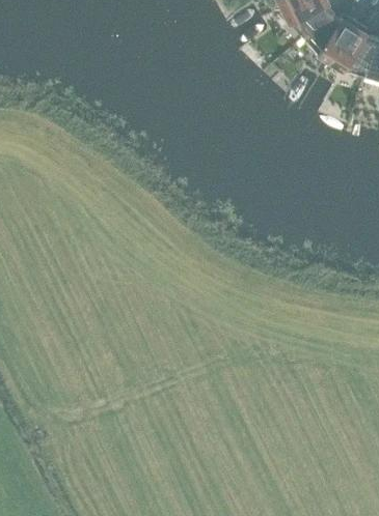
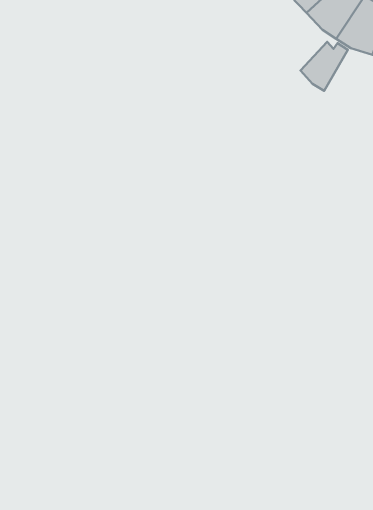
building: none -> [301,42,348,91]

